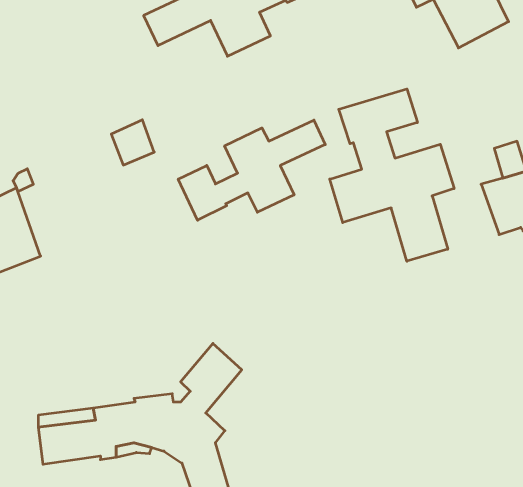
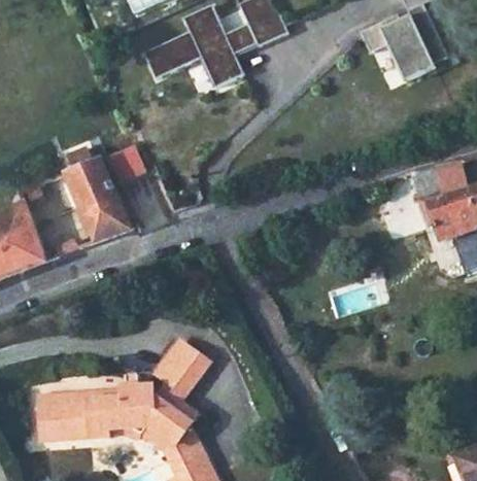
building: [330,89,454,261] -> none
building: [178,120,325,220] -> none
building: none -> [62,156,135,245]

